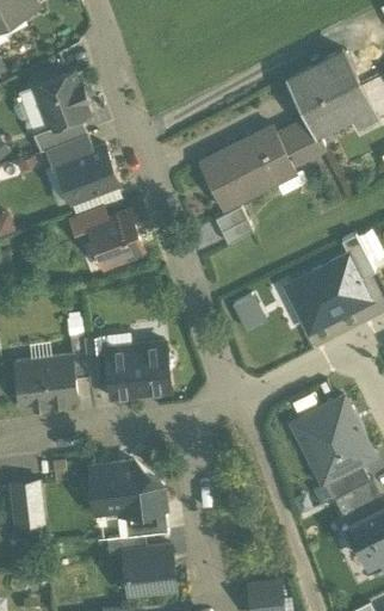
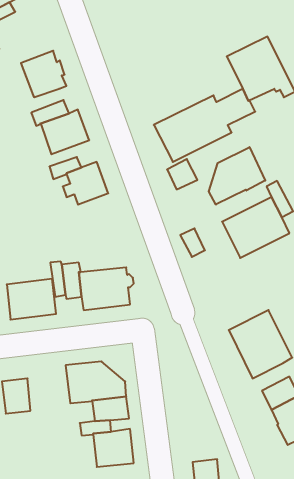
building: [33,119,86,152] -> none
building: none -> [209,147,265,205]
building: [321,464,370,501] -> none

